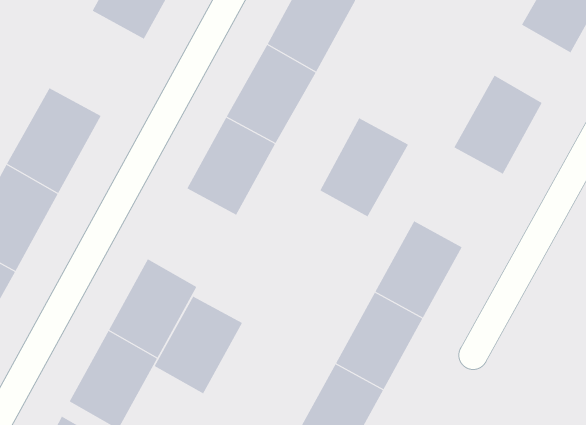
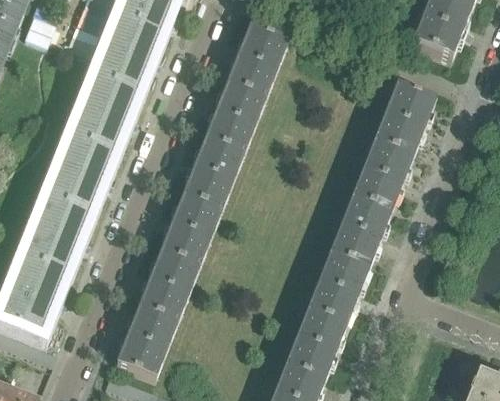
building: none -> [73,72,138,148]
building: [319,118,409,217] -> [352,138,413,210]
building: [154,296,243,394] -> [161,193,222,264]

